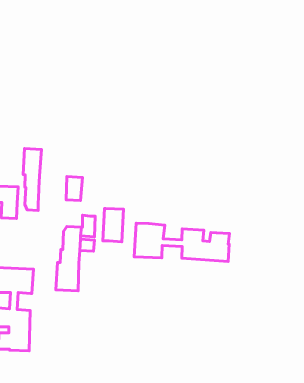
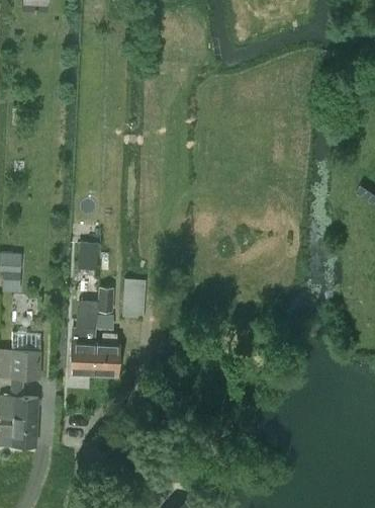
building: [23,148,41,210] -> none
building: [134,223,230,262] -> none
building: none -> [94,335,120,377]

